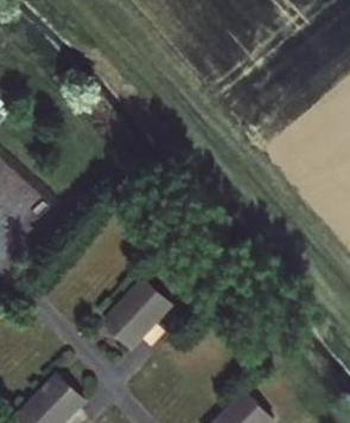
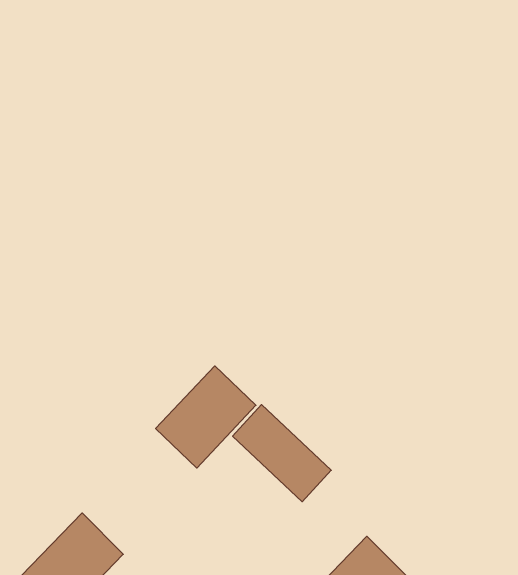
building: none -> [233,405,331,502]

